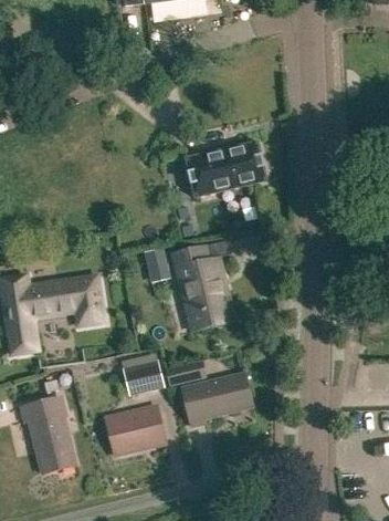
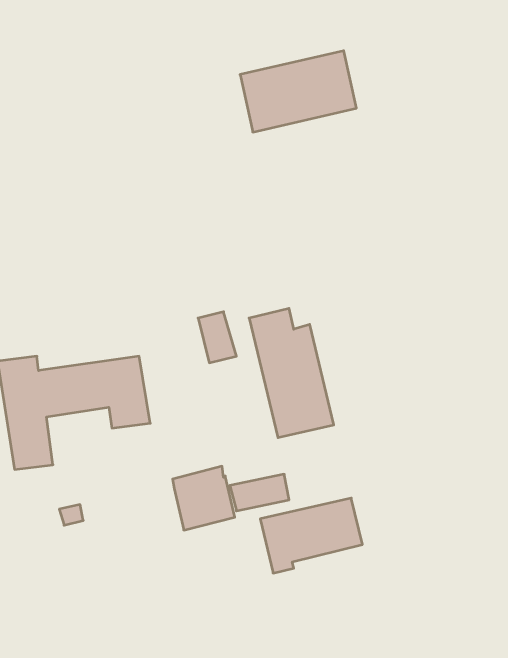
building: [186,142,266,198] -> [240,51,356,132]
building: [21,397,75,473] -> none
building: [105,410,166,451] -> none

